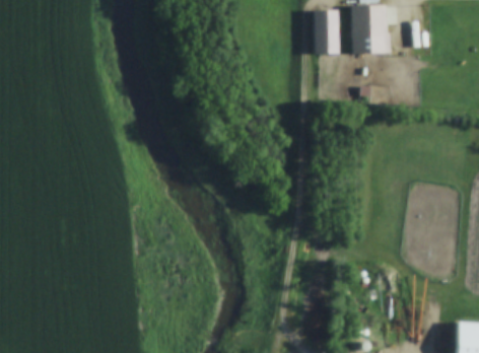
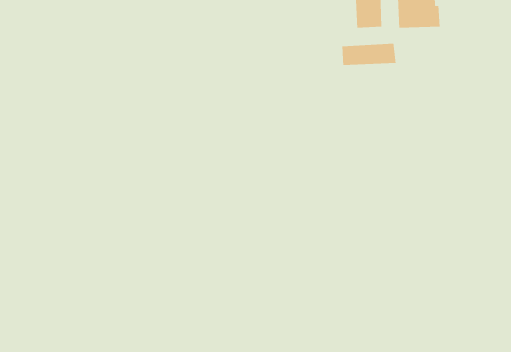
building: none -> [342,43,396,66]

